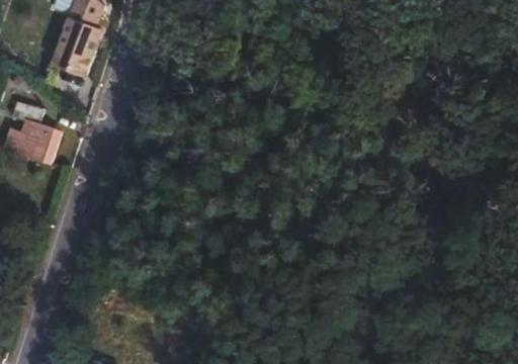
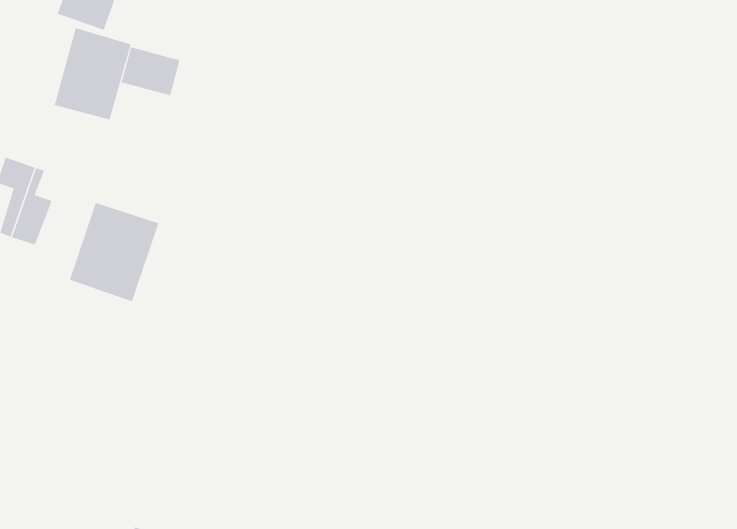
building: none -> [121,46,180,96]
building: none -> [69,202,159,302]

